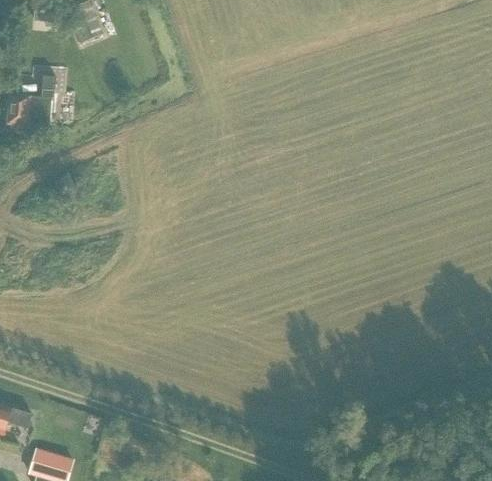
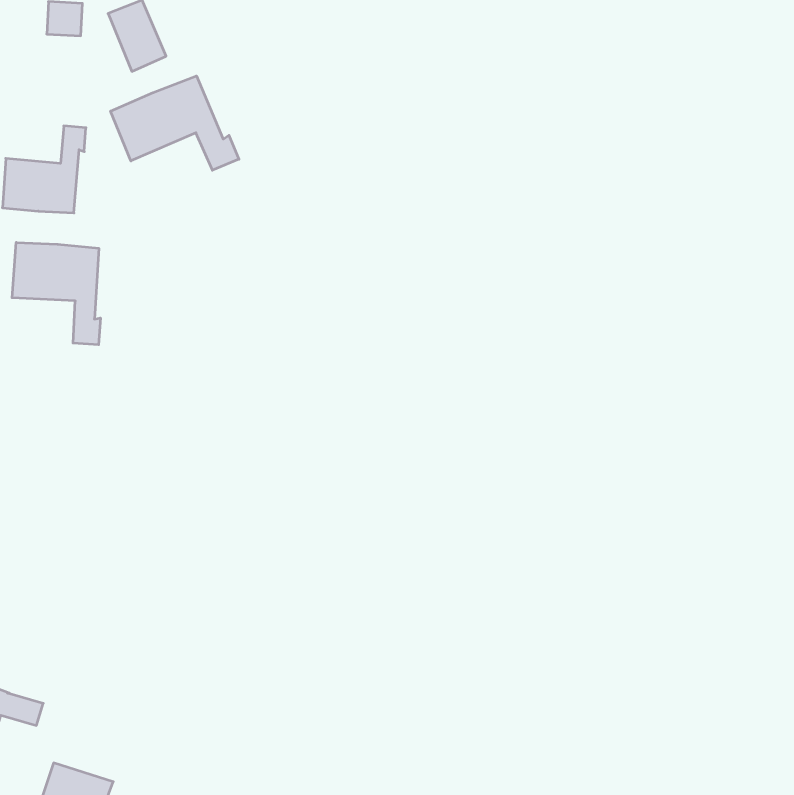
building: none -> [111,76,239,170]
building: none -> [12,242,100,345]

